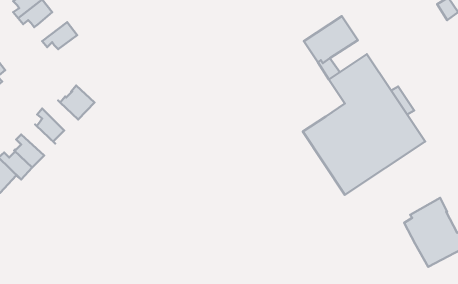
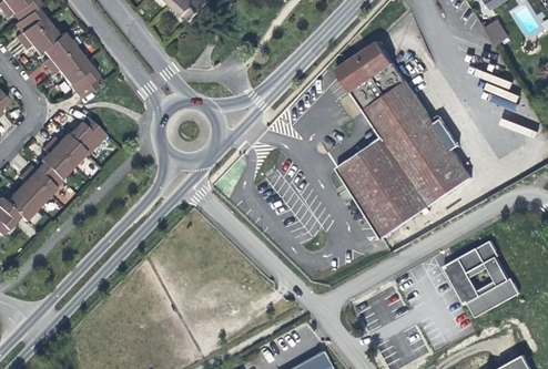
building: none -> [44,32,77,68]
building: none -> [65,61,103,99]
building: none -> [367,66,408,102]
building: none -> [49,133,89,166]
building: none -> [26,160,63,194]

